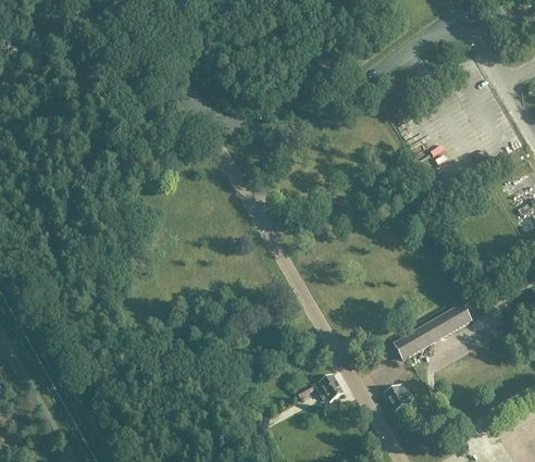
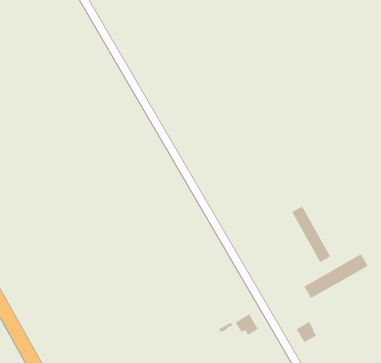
building: none -> [291,206,331,263]

